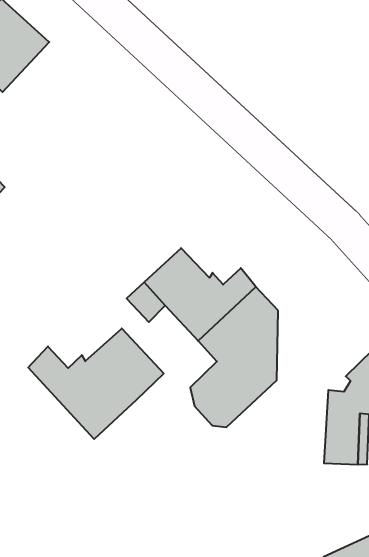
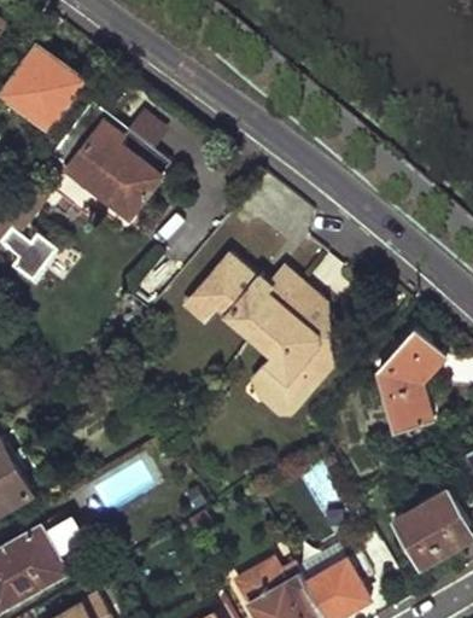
building: none -> [69,121,162,216]
building: [28,328,164,439] -> none

